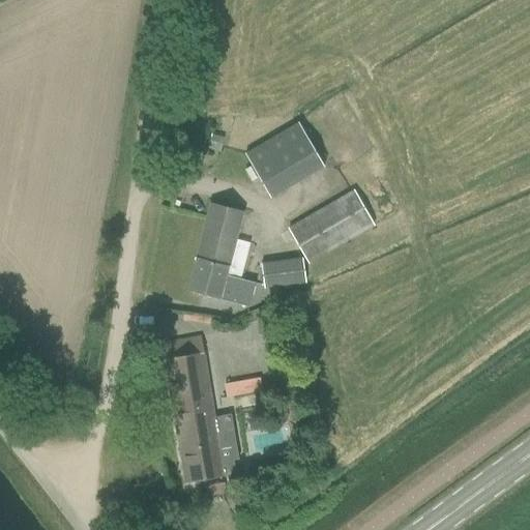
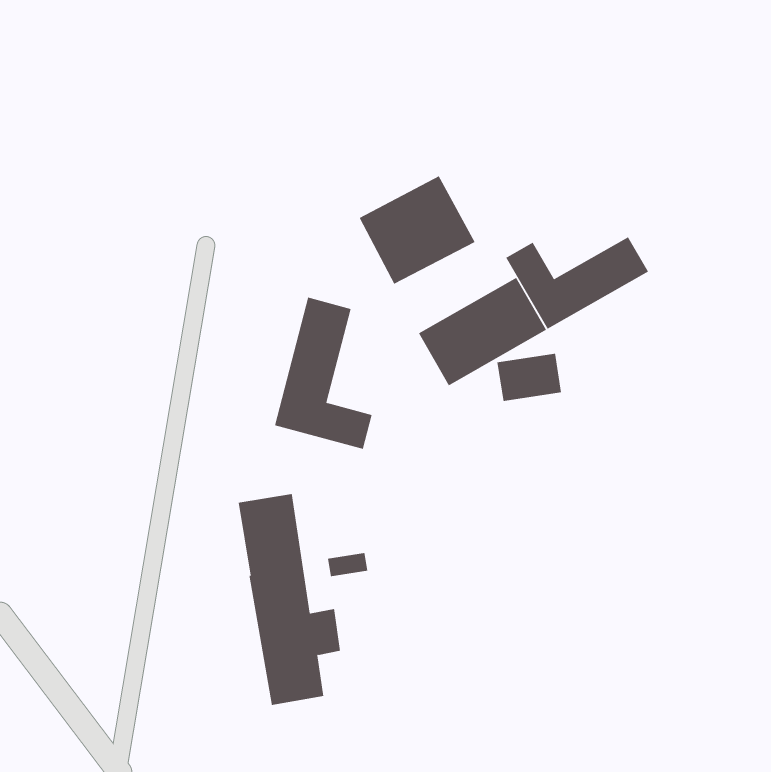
building: none -> [506,236,649,329]
building: [262,255,306,288] -> [497,353,562,402]

